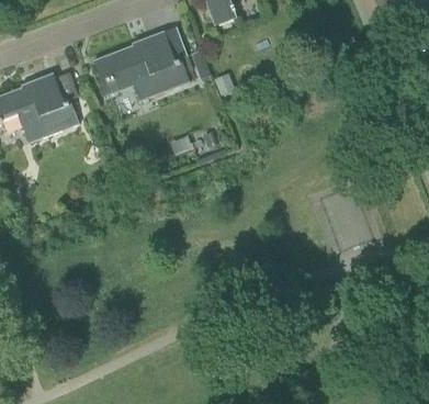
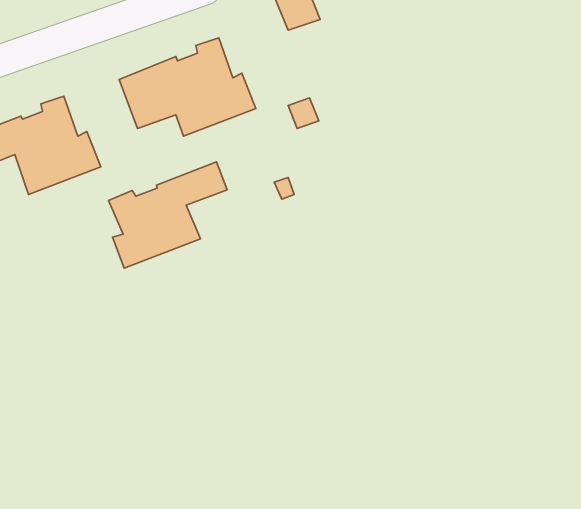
building: none -> [109,162,227,268]

